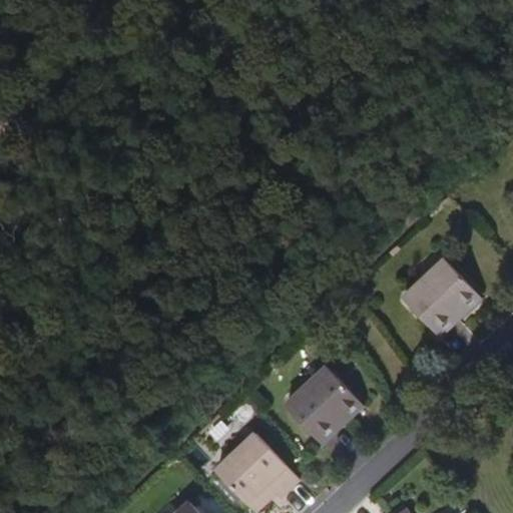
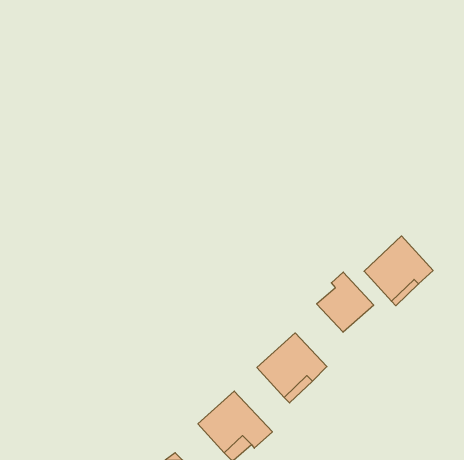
building: none -> [317,272,374,332]

